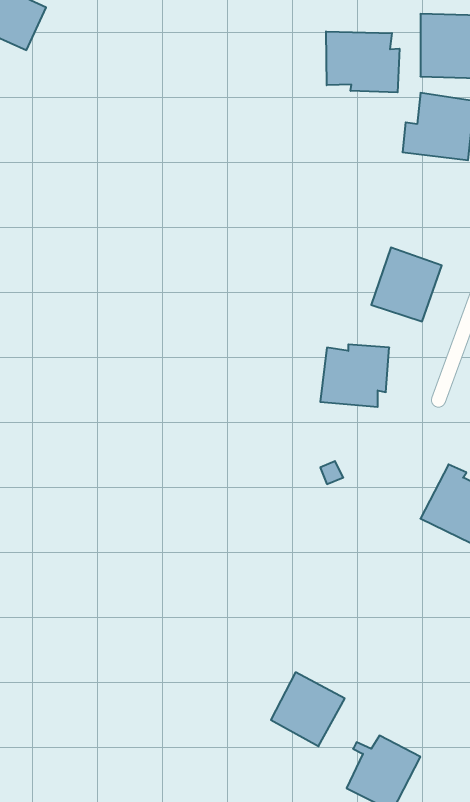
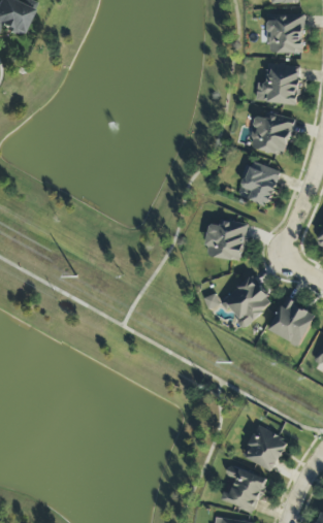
building: [326,31,399,92] -> none
building: none -> [249,111,295,157]
building: none -> [221,276,273,327]
building: [271,672,345,746] -> [243,425,289,471]

